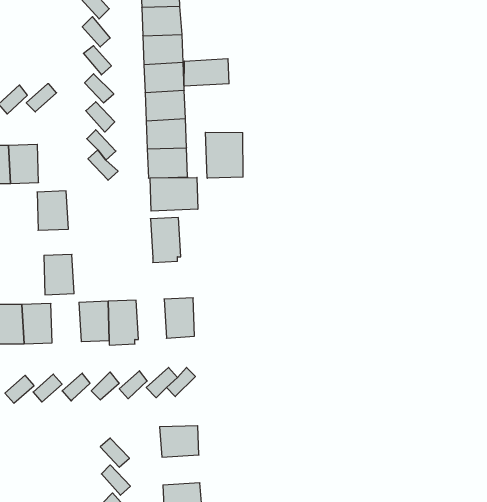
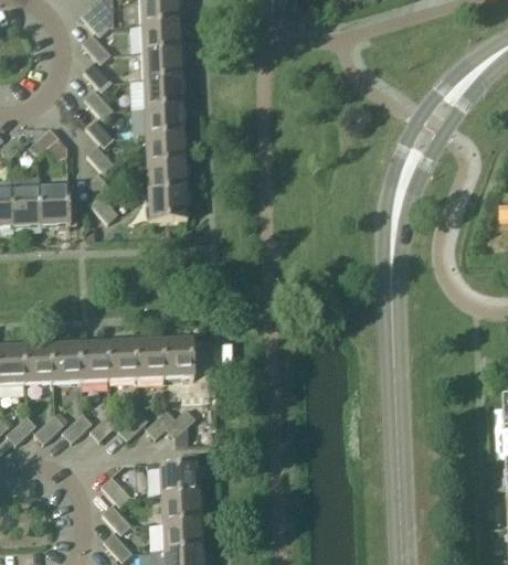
building: [184,59,229,86] -> none
building: [205,132,243,178] -> none
building: [150,177,198,211] -> none
building: [37,191,68,230] -> [40,186,71,225]
building: [150,218,181,262] -> [137,340,167,384]
building: [44,254,74,295] -> [53,343,83,383]
building: none -> [162,493,200,523]

